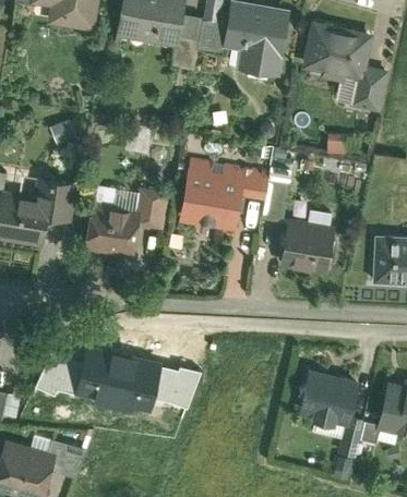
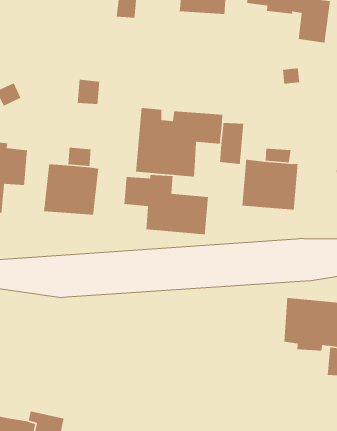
building: [134,187,164,222] -> none
building: none -> [124,174,209,235]
building: [34,347,200,410] -> none

